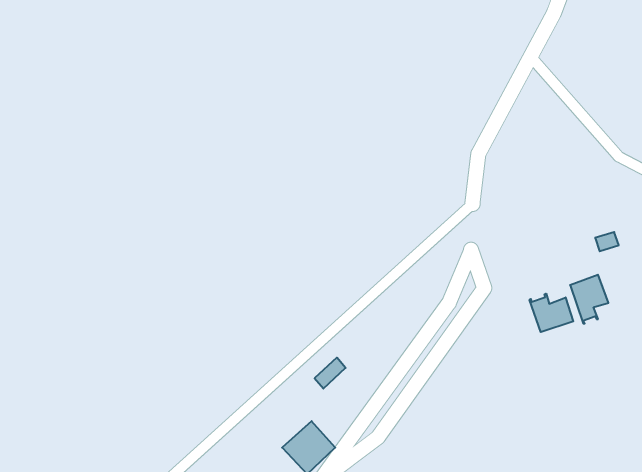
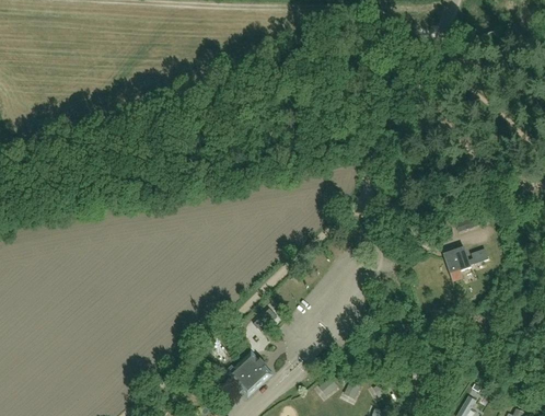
building: [530,294,573,332] -> none

